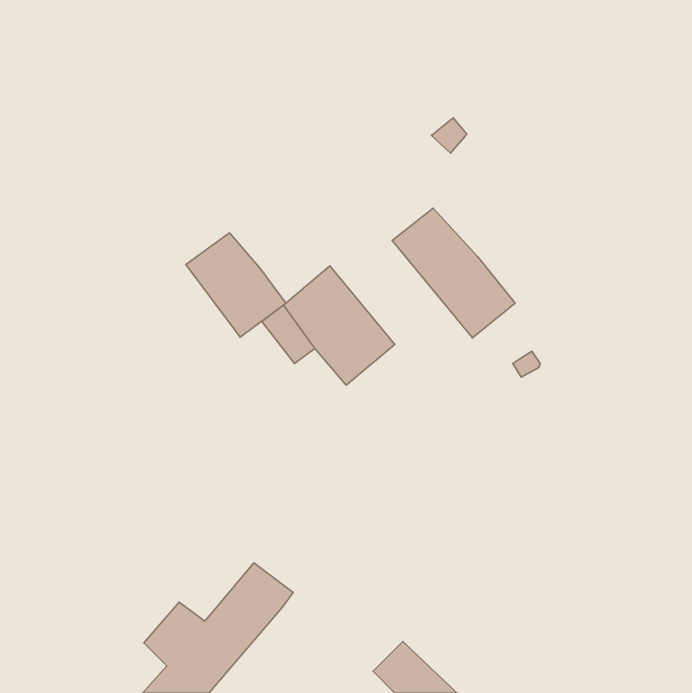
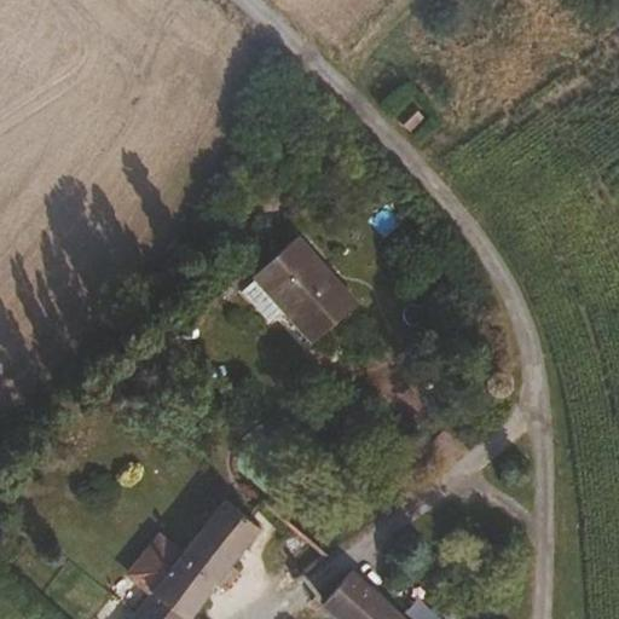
building: [392,208,515,338] -> none
building: [186,233,286,337] -> none

